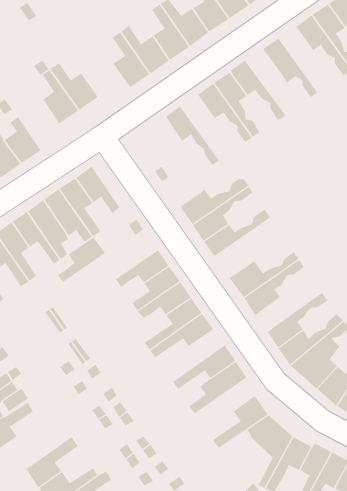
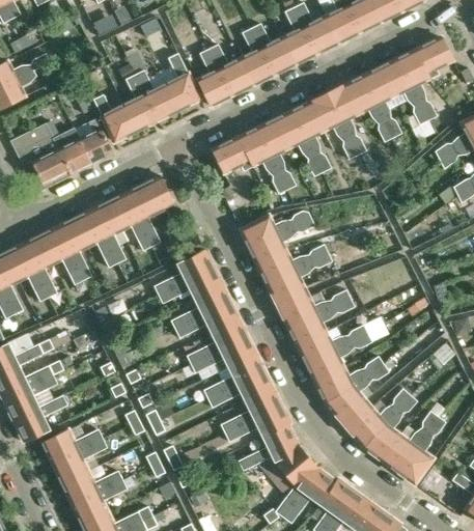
building: none -> [362,69,401,137]
building: none -> [165,53,199,109]
building: none -> [326,85,366,155]
building: none -> [93,94,135,140]
building: none -> [256,121,296,189]
building: none -> [213,138,252,172]
building: none -> [267,252,332,305]
building: [57,237,106,283] -> [163,249,214,289]
building: none -> [298,324,367,363]
building: none -> [203,353,264,398]
building: none -> [224,404,290,441]
building: none -> [41,422,114,462]

